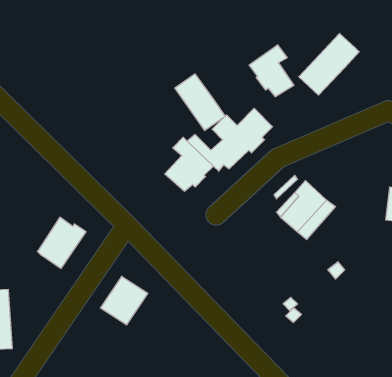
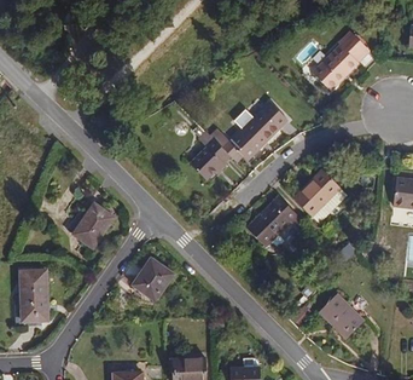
building: [249,45,294,97] -> none
building: [175,74,225,131] -> none
building: none -> [249,194,299,244]
building: none -> [318,293,365,339]

